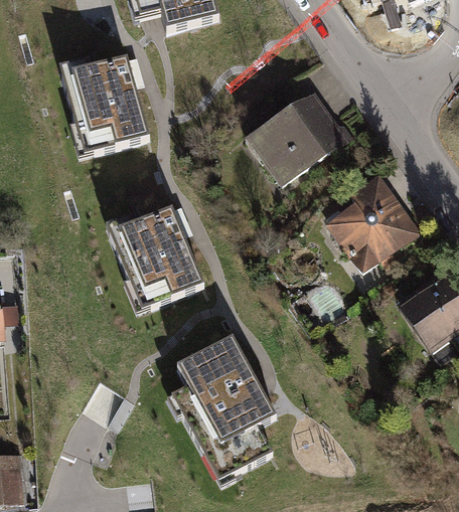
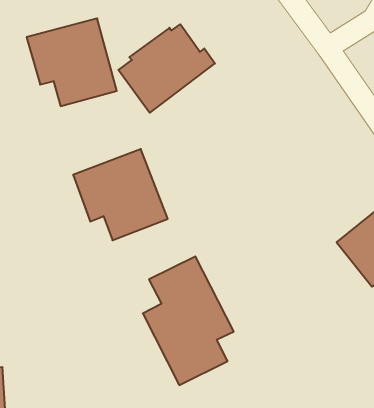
building: [247,92,355,191] -> [118,24,215,113]
building: [322,173,422,277] -> none

